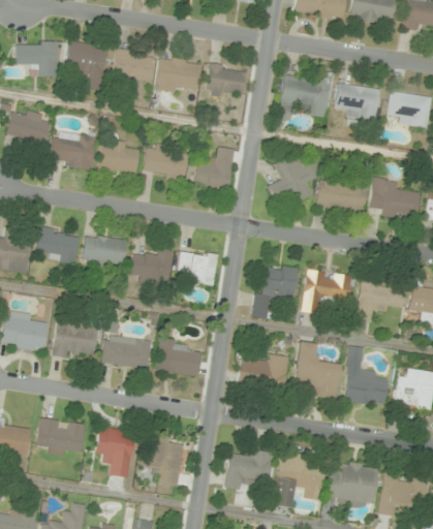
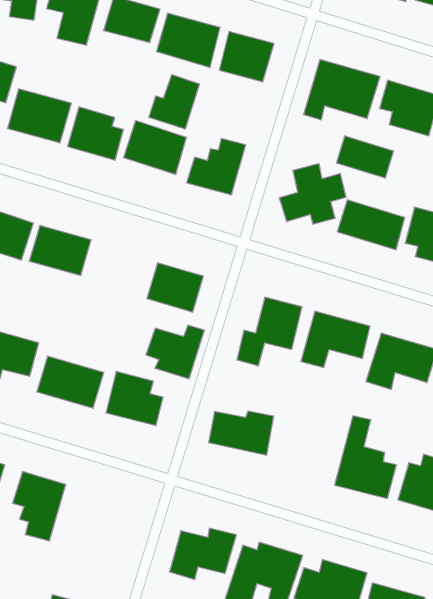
building: none -> [149,75,200,129]
building: none -> [337,136,393,178]
building: [130,246,173,287] -> [146,325,204,379]
building: [295,341,340,399] -> none
building: [148,435,185,487] -> none

